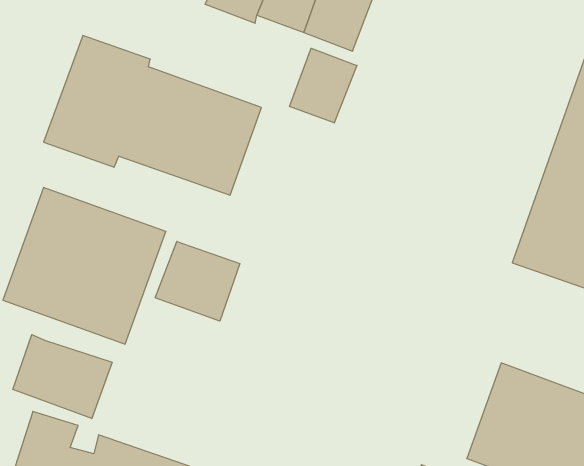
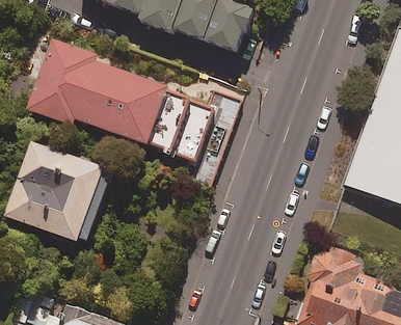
building: [290,48,357,123] -> none
building: [155,241,240,321] -> none
building: [13,335,112,419] -> none

